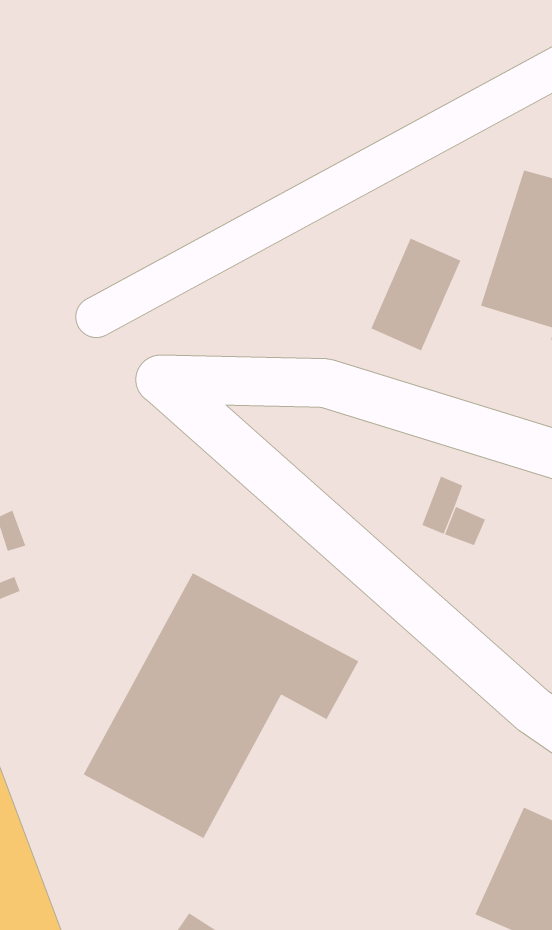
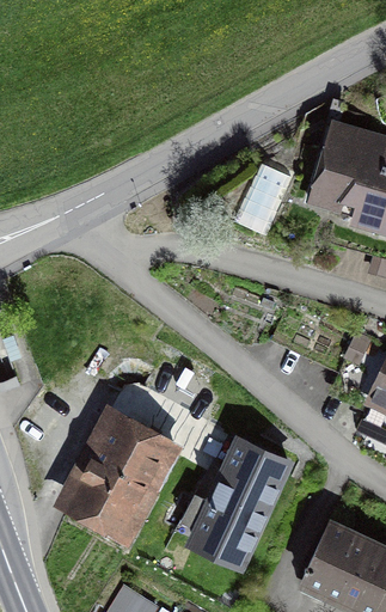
building: none -> [186,433,295,573]

